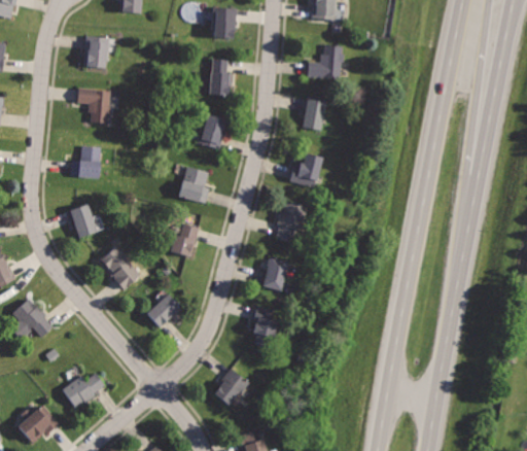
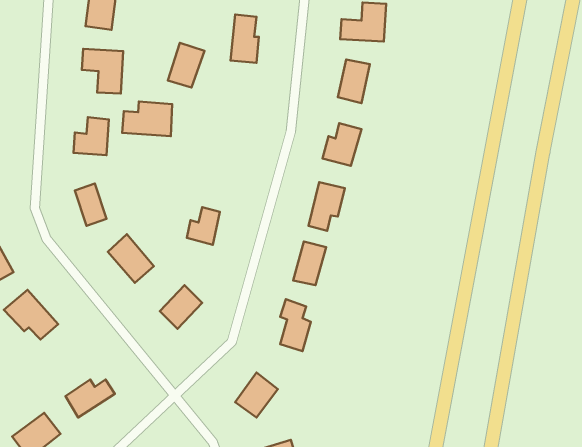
building: [197,112,229,151] -> [168,43,205,88]
building: none -> [122,101,172,136]
building: [178,165,208,204] -> none

